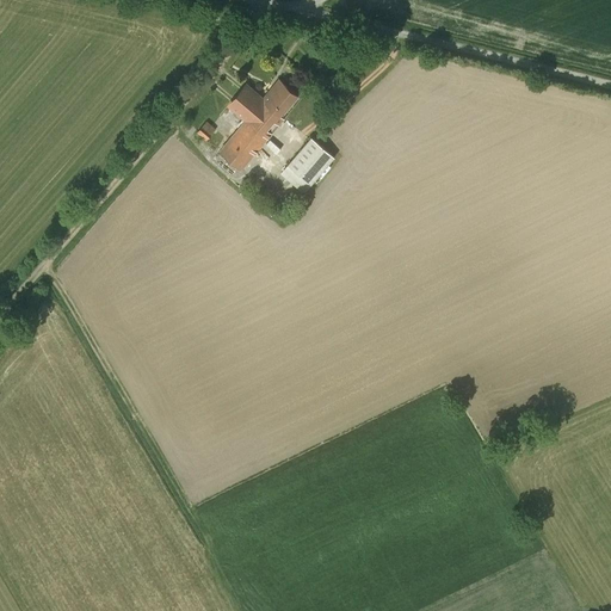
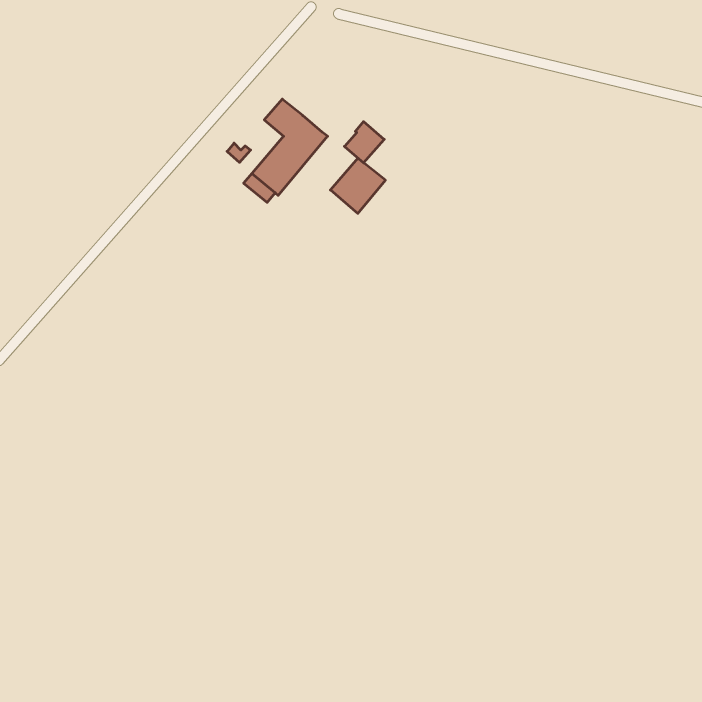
building: [263,80,297,116] -> [344,122,384,163]

